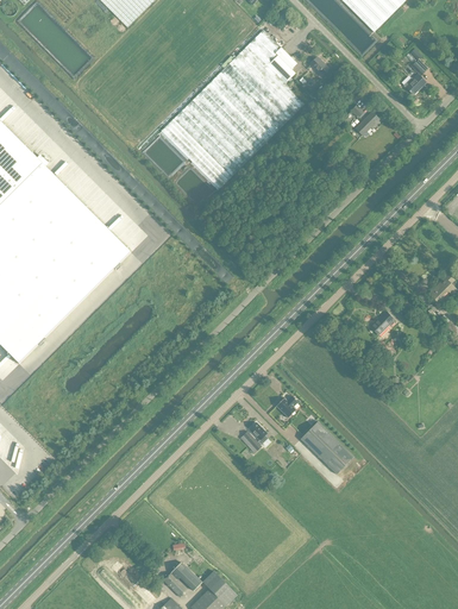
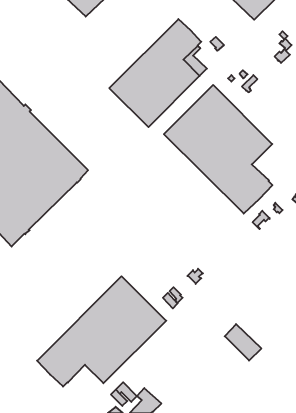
building: none -> [164,85,272,214]
building: none -> [37,276,166,387]
building: [300,421,353,475] -> [225,324,261,361]

